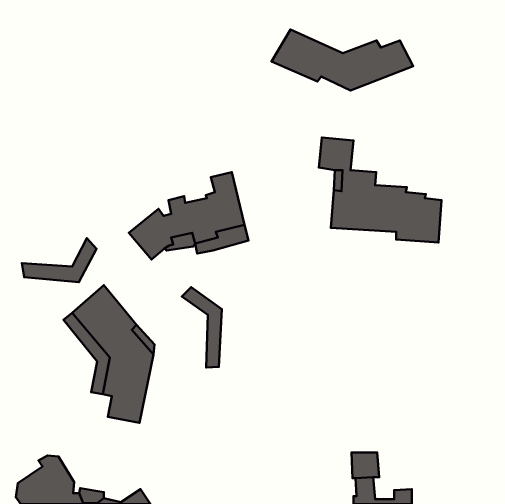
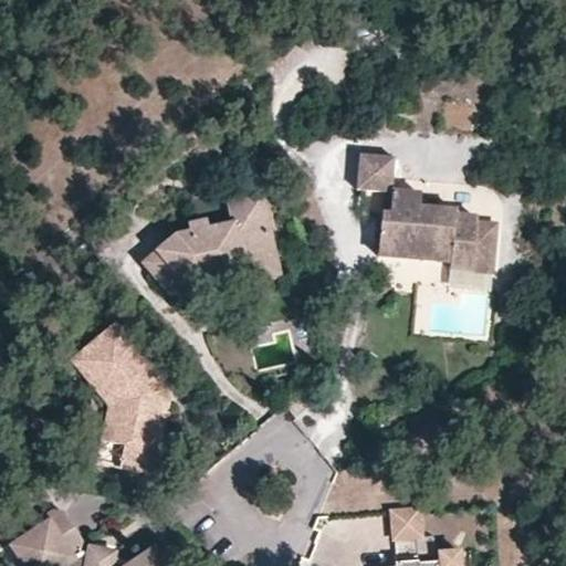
building: [271,29,413,90] -> none
building: [22,238,97,282] -> none
building: [182,287,222,368] -> none

